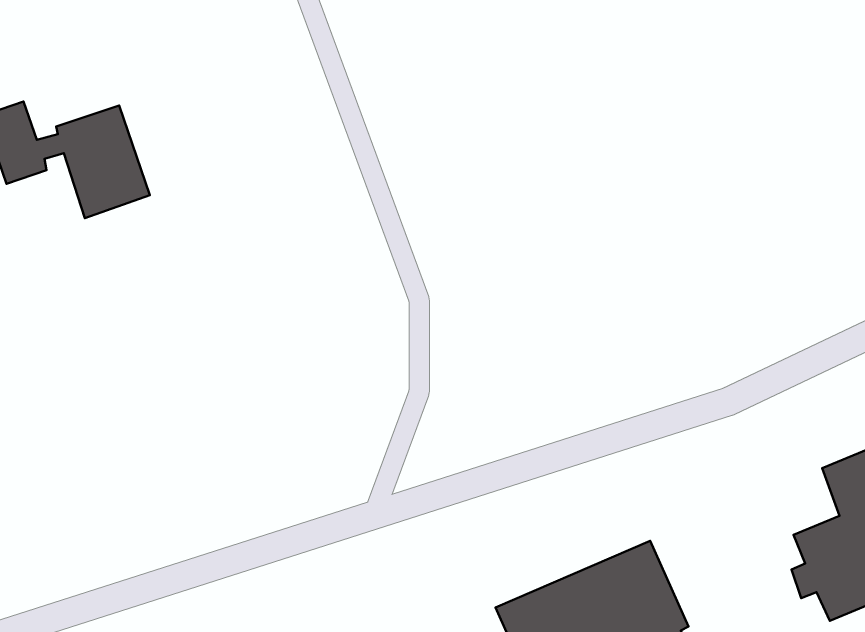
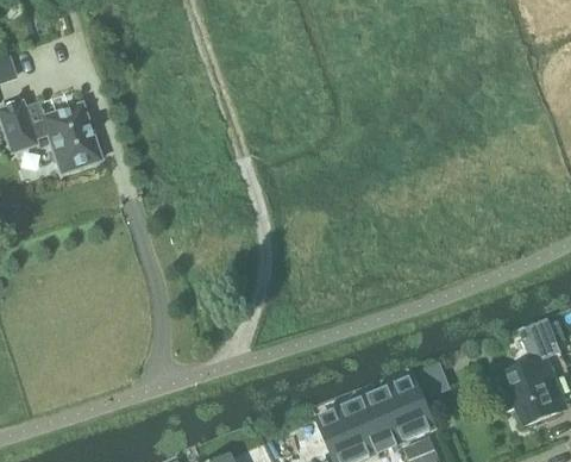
building: none -> [415,360,450,397]

